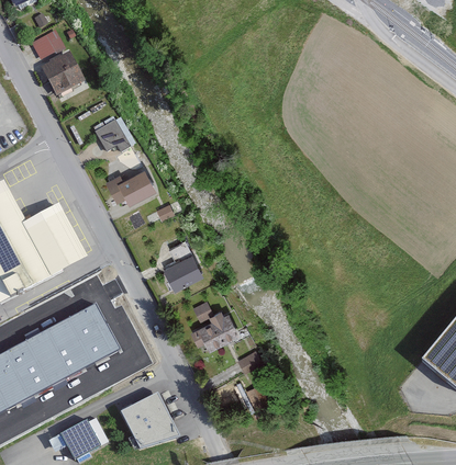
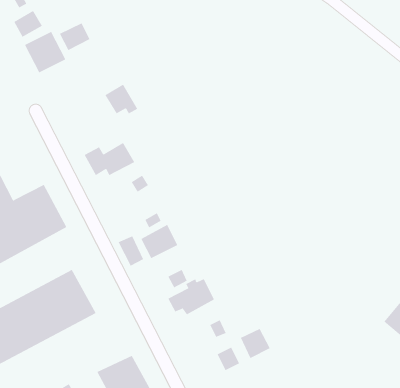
building: none -> [59,23,90,51]
building: [94,121,130,152] -> [105,84,138,114]
building: none -> [118,236,144,267]
building: none -> [240,328,270,359]

